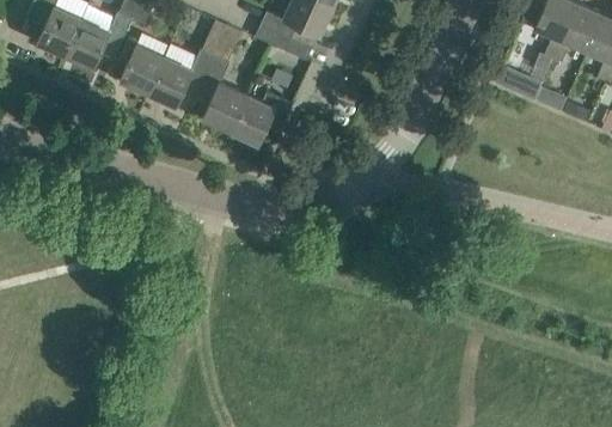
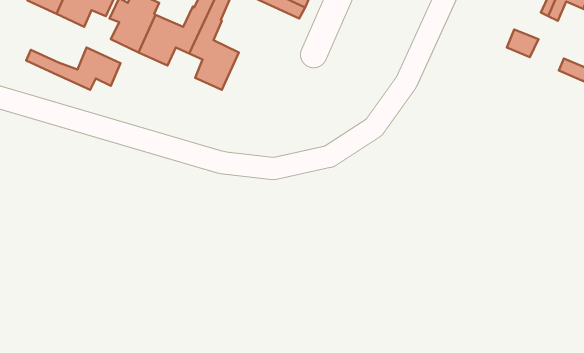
building: none -> [26,47,121,90]
building: [230,92,293,145] -> none

